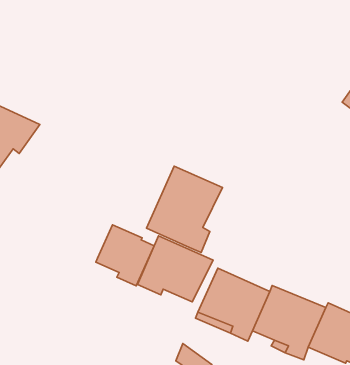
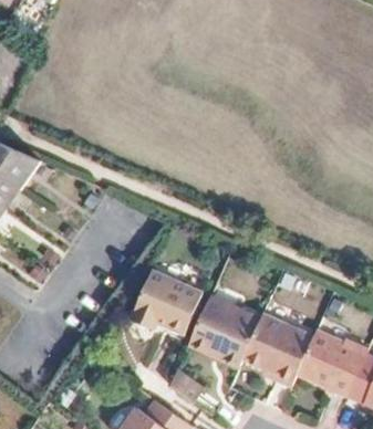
building: [146,166,223,253] -> none
building: [96,225,154,286] -> none

